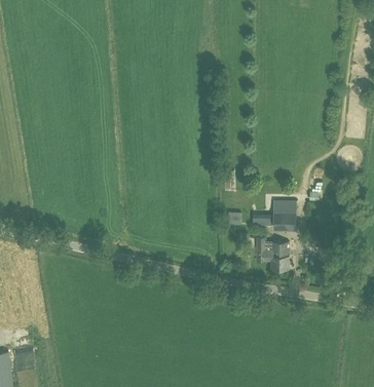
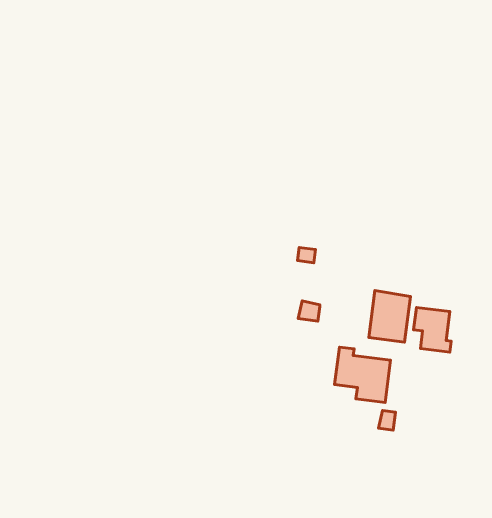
building: none -> [414,307,451,352]

